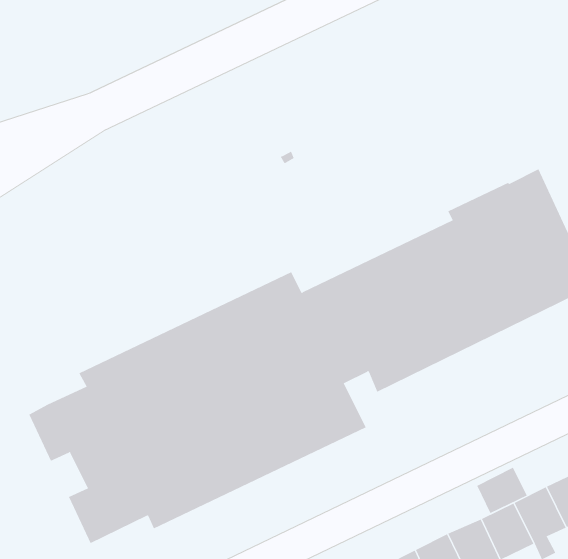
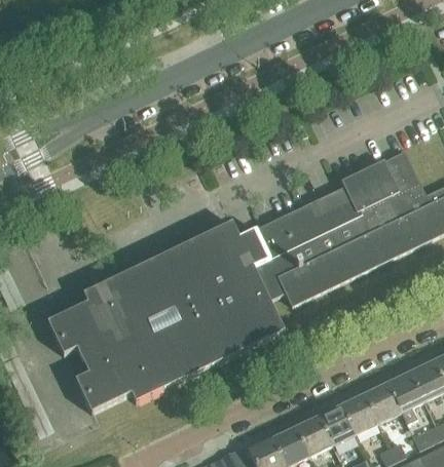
building: [477,467,528,514] -> none

